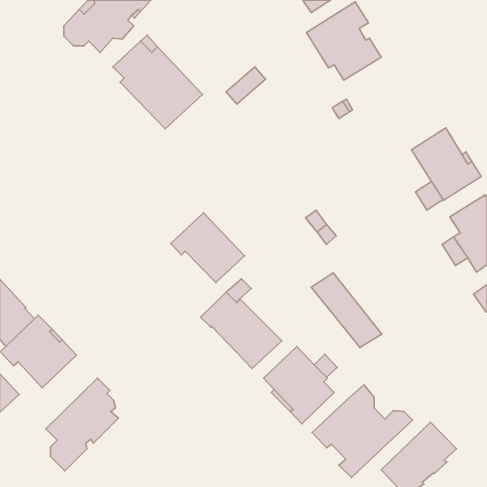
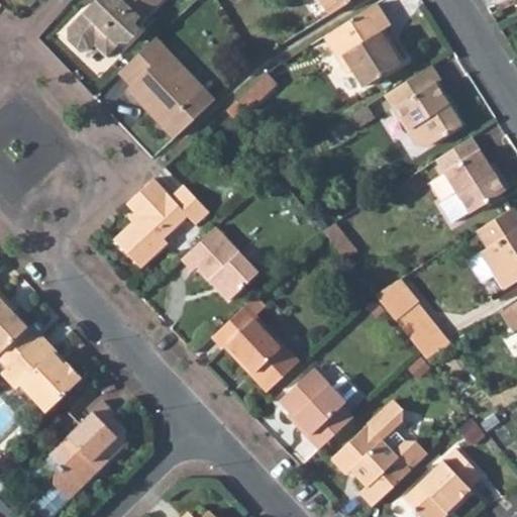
building: none -> [384,65,463,146]
building: none -> [114,179,209,269]
building: [311,273,382,347] -> [375,280,449,358]

